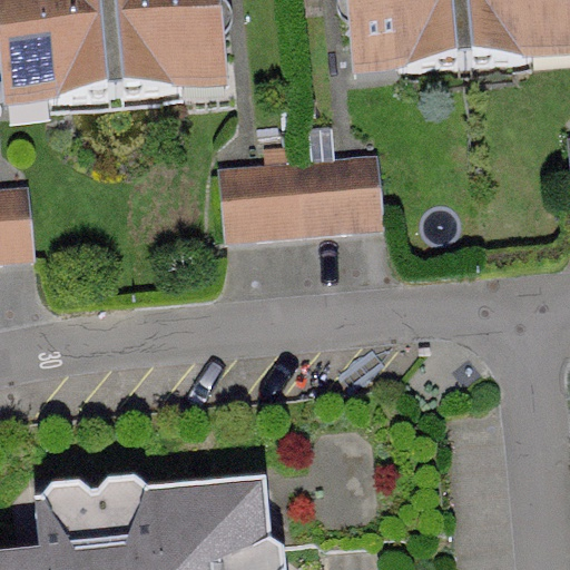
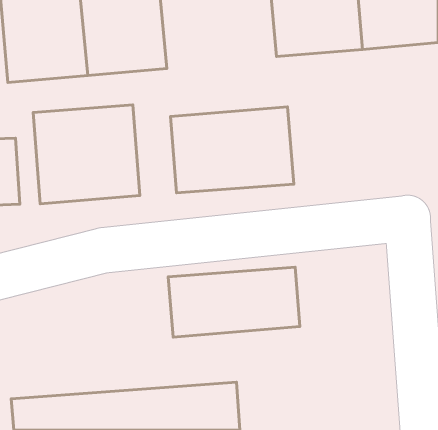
building: none -> [33,105,140,204]
building: none -> [168,267,300,337]

